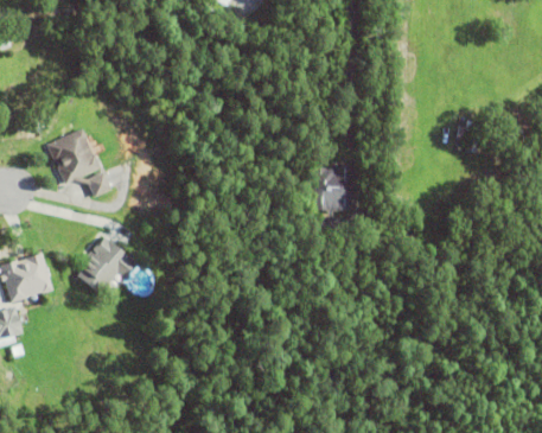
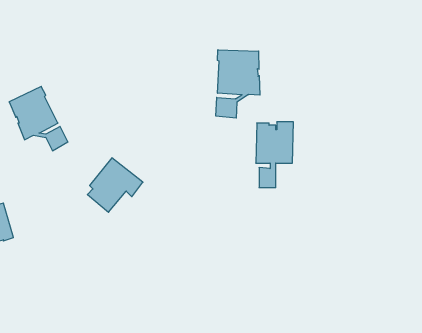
building: none -> [216,50,260,118]
building: [77,236,136,294] -> [87,158,143,212]

